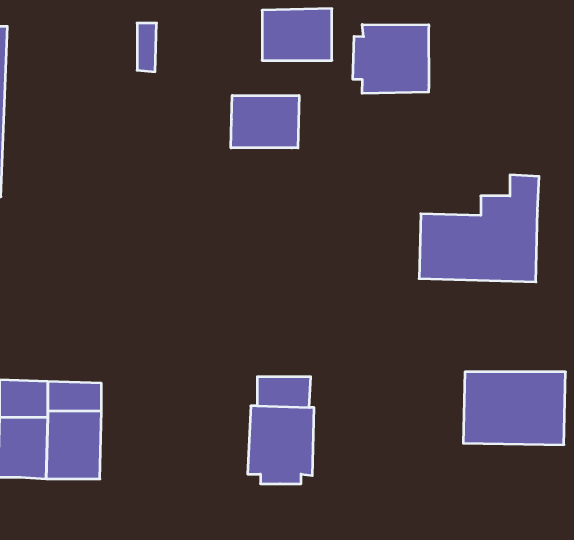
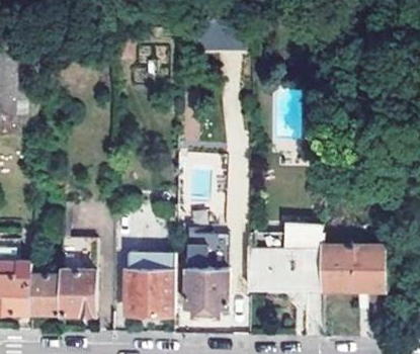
building: [353,24,429,93] -> none
building: [231,95,299,148] -> none
building: [419,175,539,282] -> [248,225,323,291]
building: none -> [125,254,174,316]

